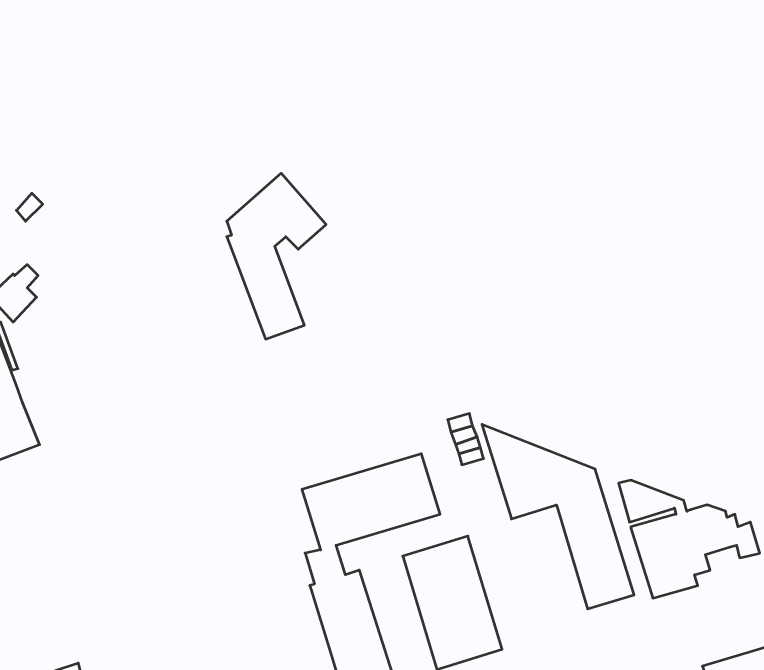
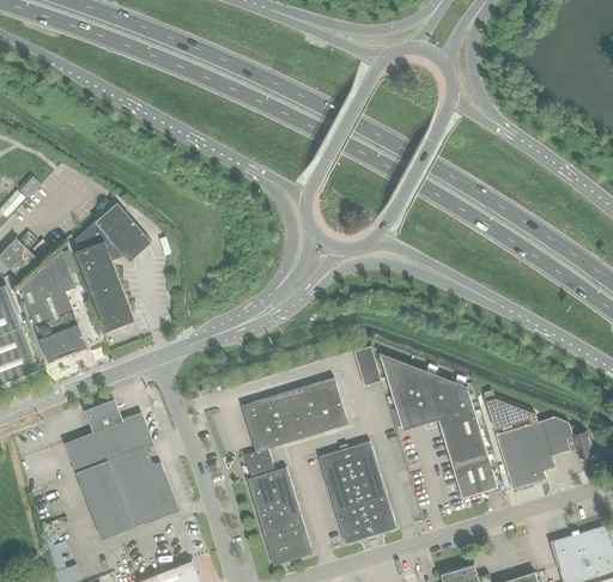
building: [227,173,326,339] -> [74,202,151,331]
building: none -> [19,250,86,362]
building: none -> [63,399,177,539]

